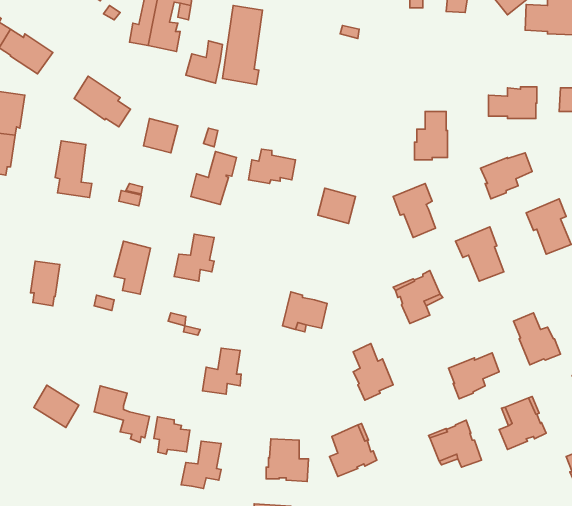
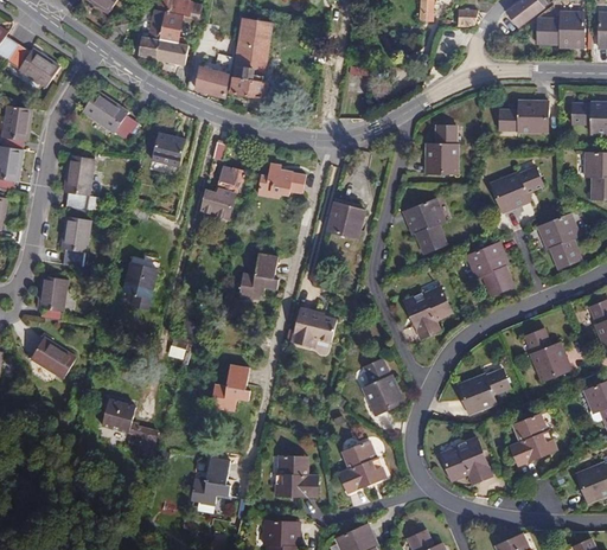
building: none -> [60,217,91,267]
building: [174,234,214,281] -> [238,252,279,300]
building: [34,385,79,428] -> [31,337,76,379]
building: [154,417,190,454] -> none

